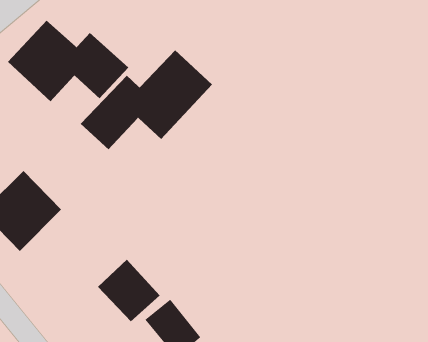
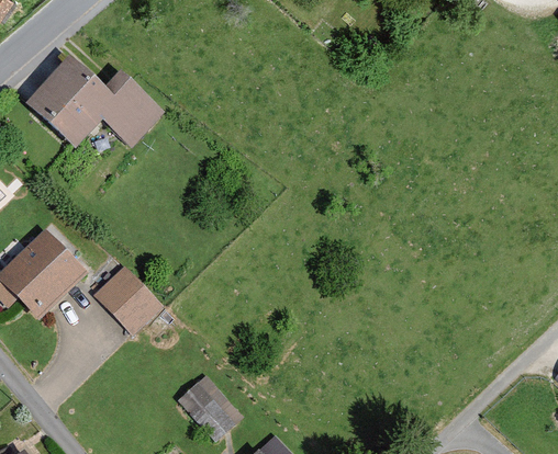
building: [80,50,213,150] -> none
building: [97,259,161,322] -> [93,264,166,337]

